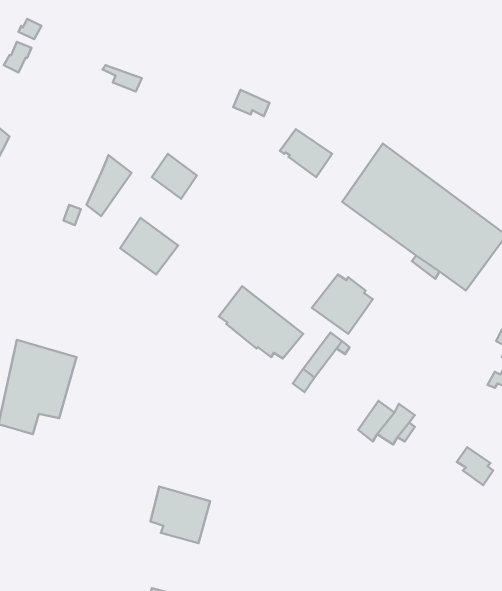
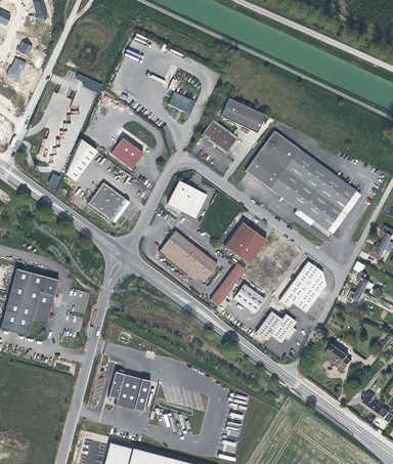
building: none -> [220,97,265,132]
building: none -> [166,179,207,217]
building: none -> [278,261,325,311]
building: none -> [232,283,264,312]

